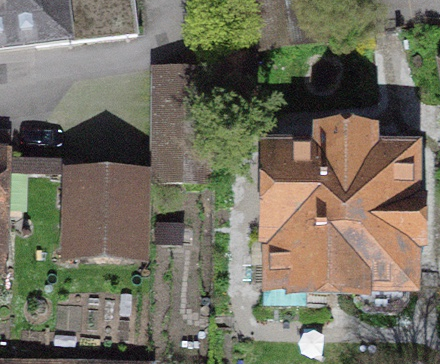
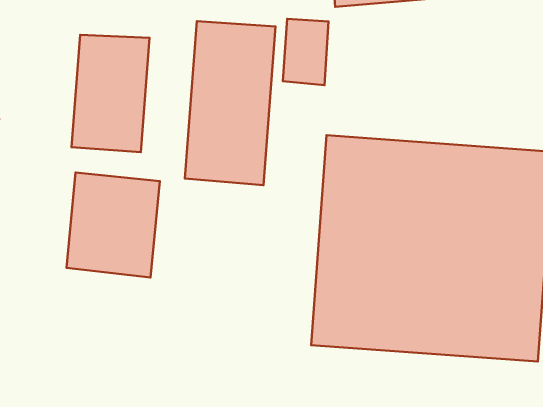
building: none -> [72,35,149,152]

